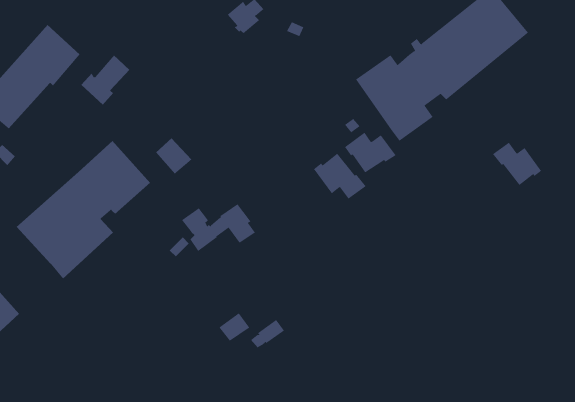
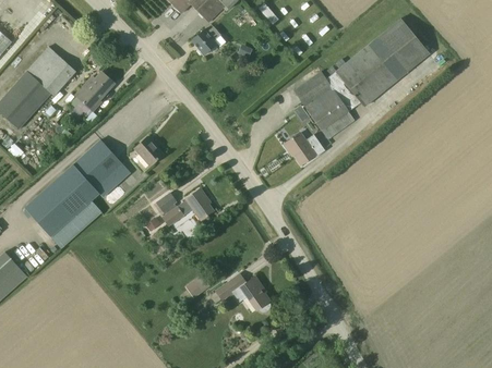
building: [492,142,542,186] -> none
building: [313,153,366,200] -> none
building: none -> [232,277,271,312]

